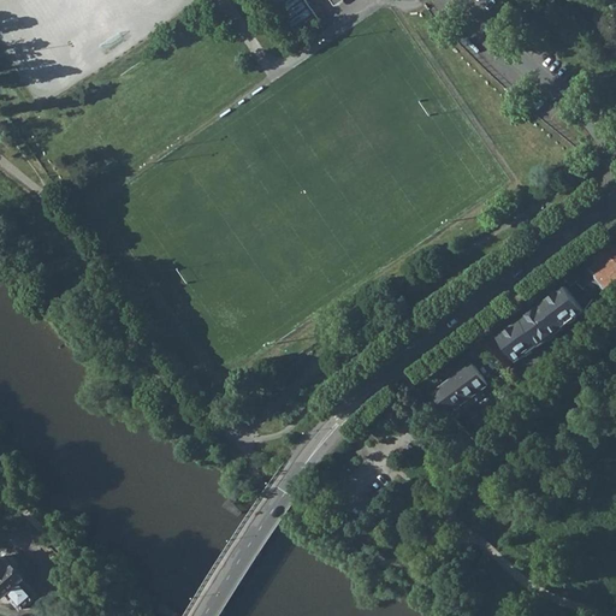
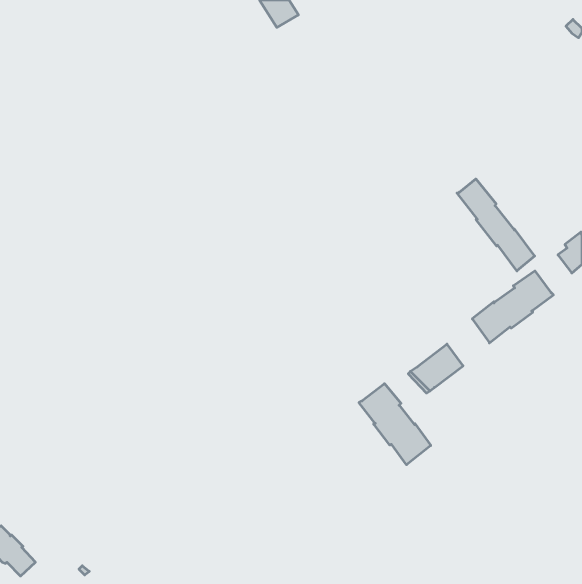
building: none -> [457,179,535,271]
building: none -> [359,384,431,465]

